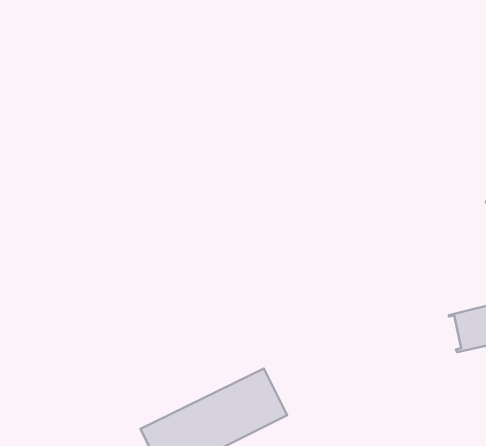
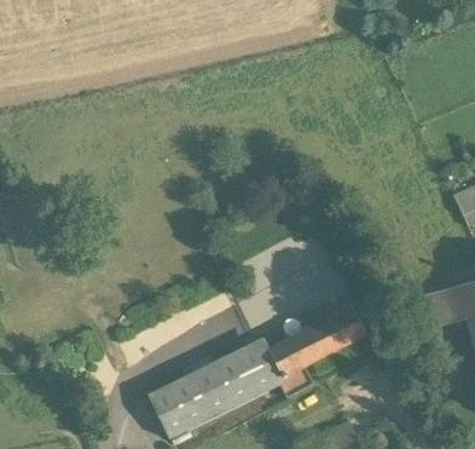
building: none -> [267,311,361,398]

